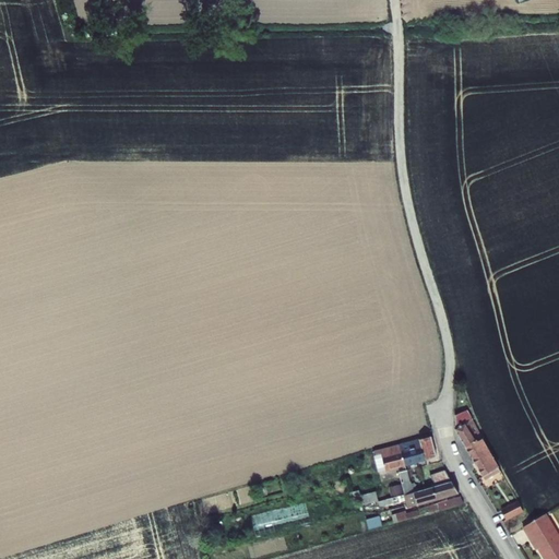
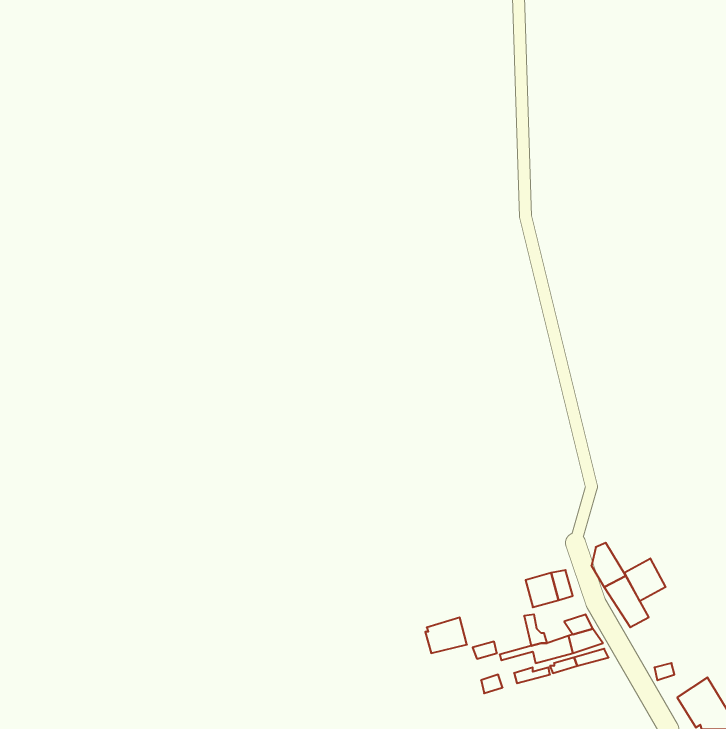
building: none -> [624,558,666,601]
building: [379,442,411,469] -> [425,617,467,653]

